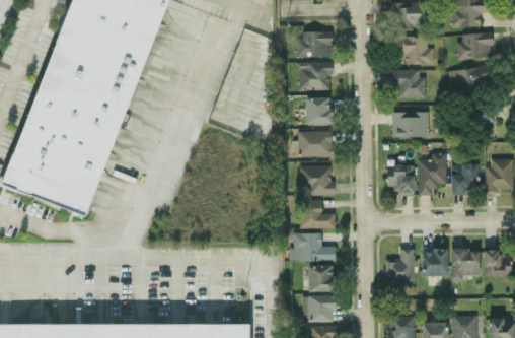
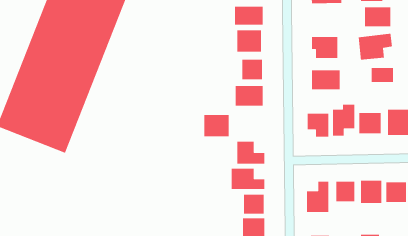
building: [391,37,433,65] -> none
building: [300,166,333,195] -> [203,114,230,137]

